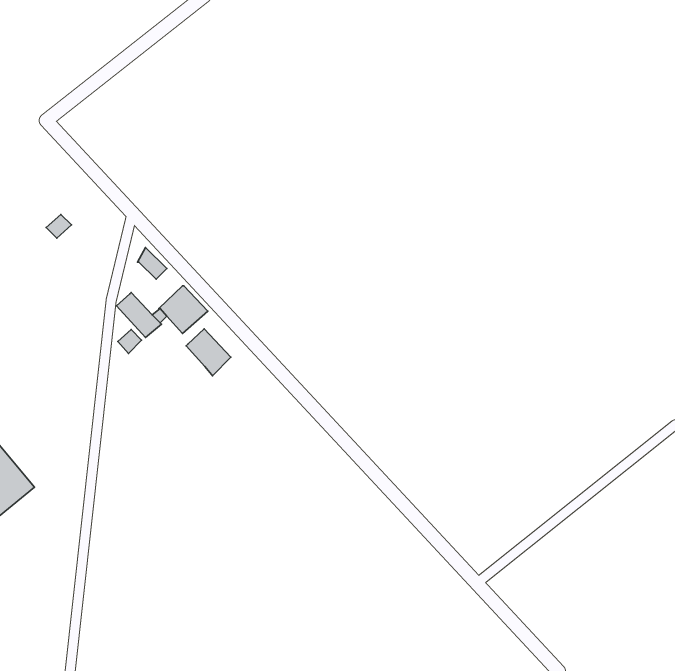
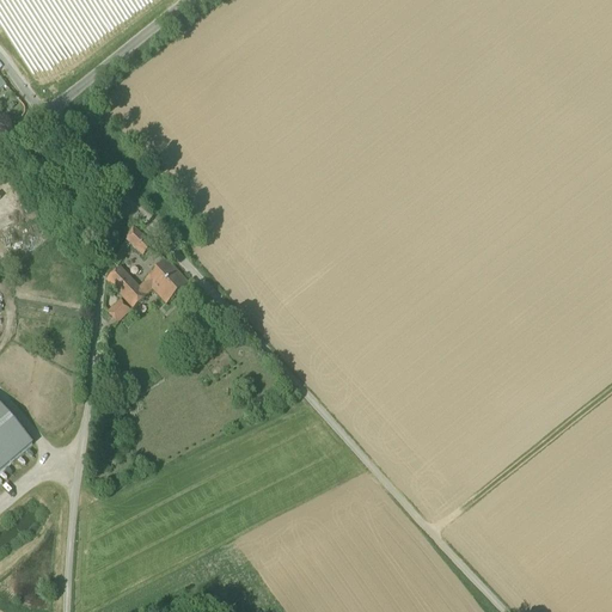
building: [186,329,231,376] -> none

